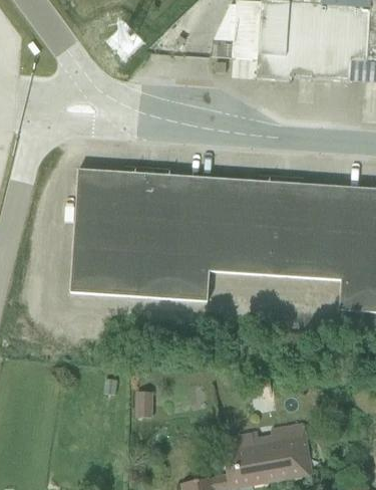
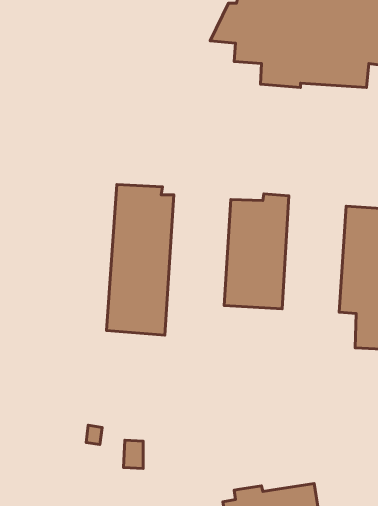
building: [70,165,130,294] -> none
building: [172,175,231,300] -> none
building: [276,176,332,278] -> none

